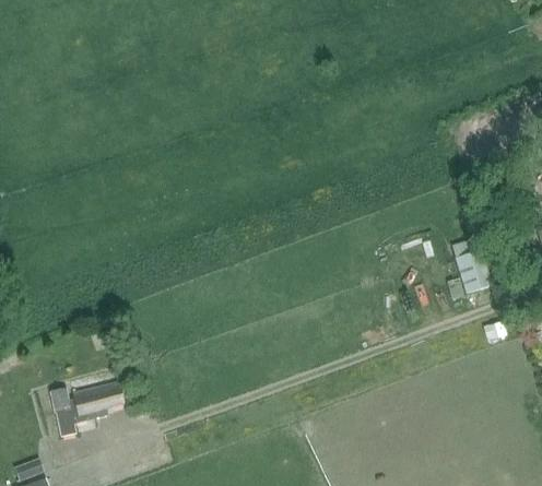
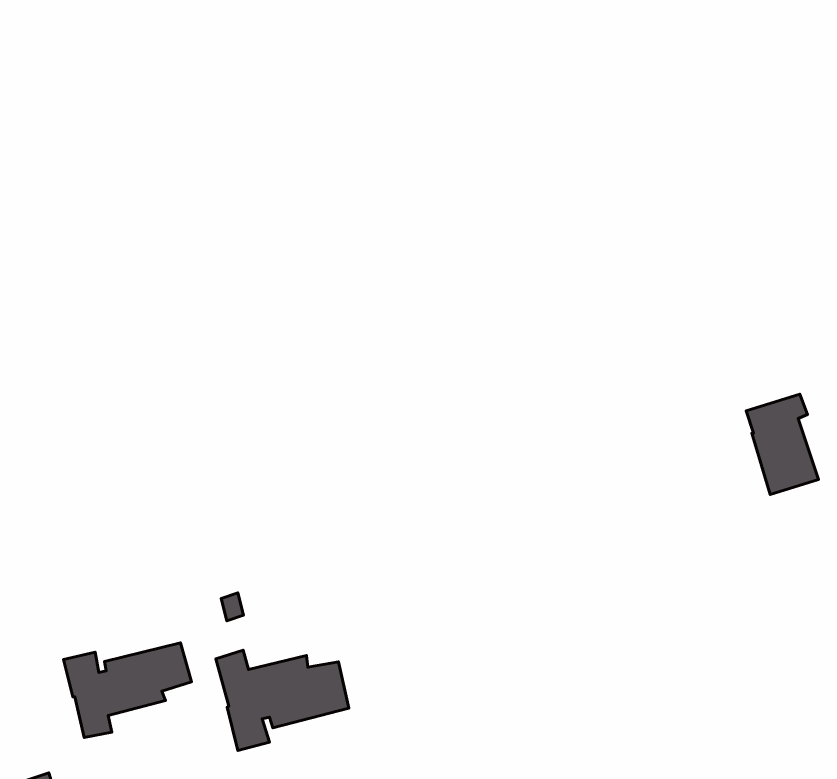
building: none -> [216,650,349,751]

